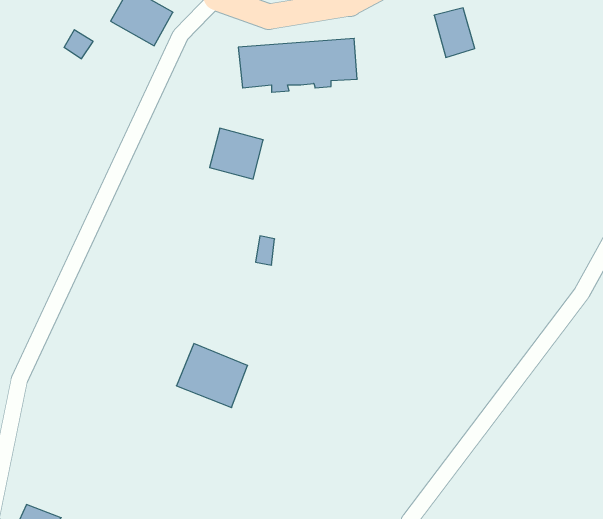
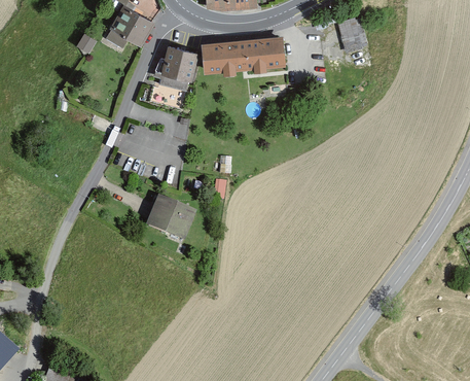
building: [210,128,263,179] -> [159,44,197,80]
building: [176,344,248,408] -> [146,196,196,241]

